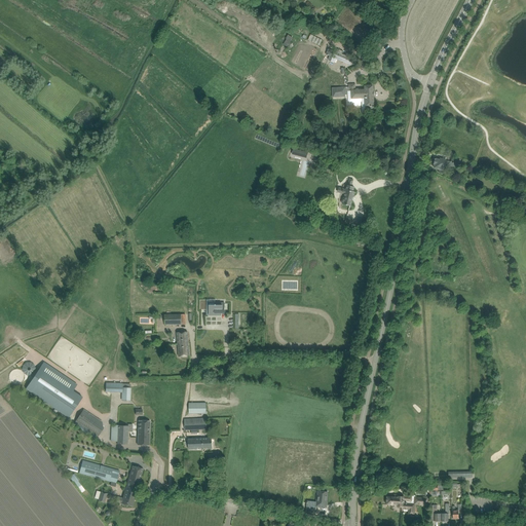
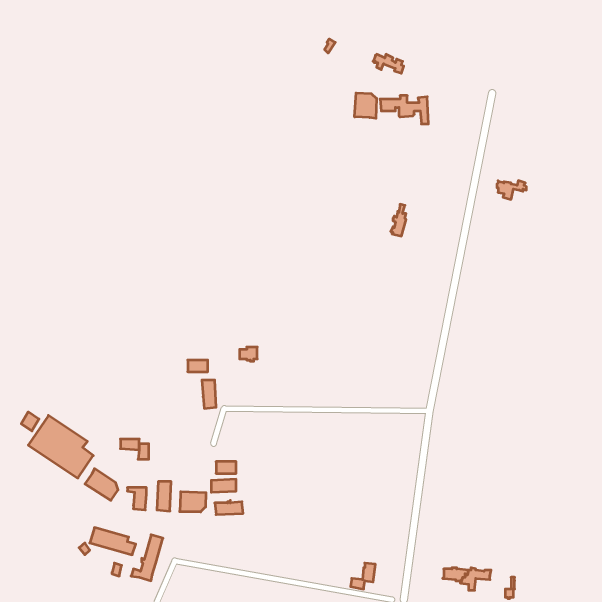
building: none -> [355,93,377,118]
building: none -> [180,492,206,512]

